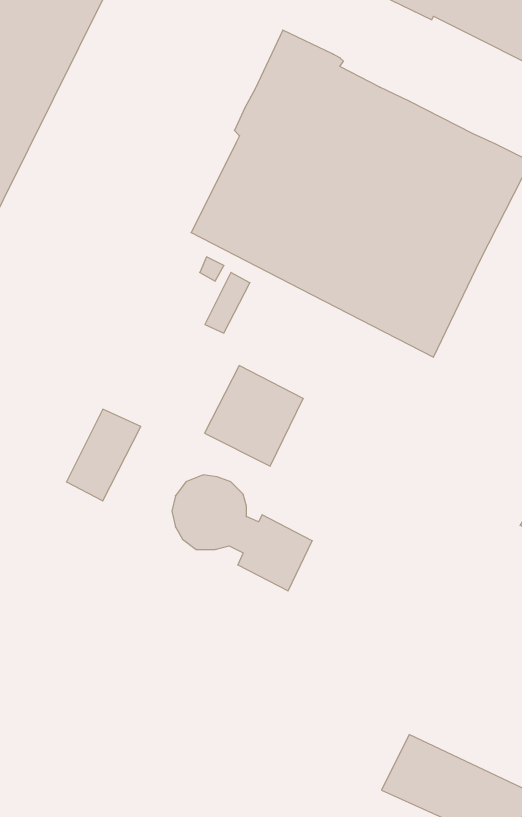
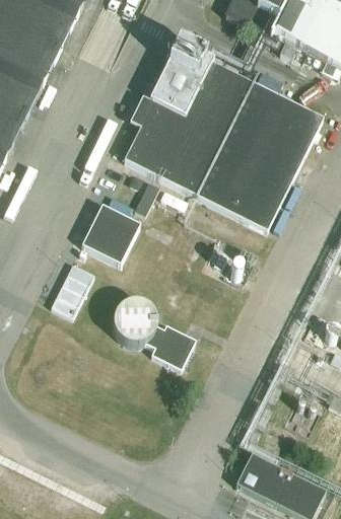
building: [205,366,303,466] -> [81,204,139,263]

